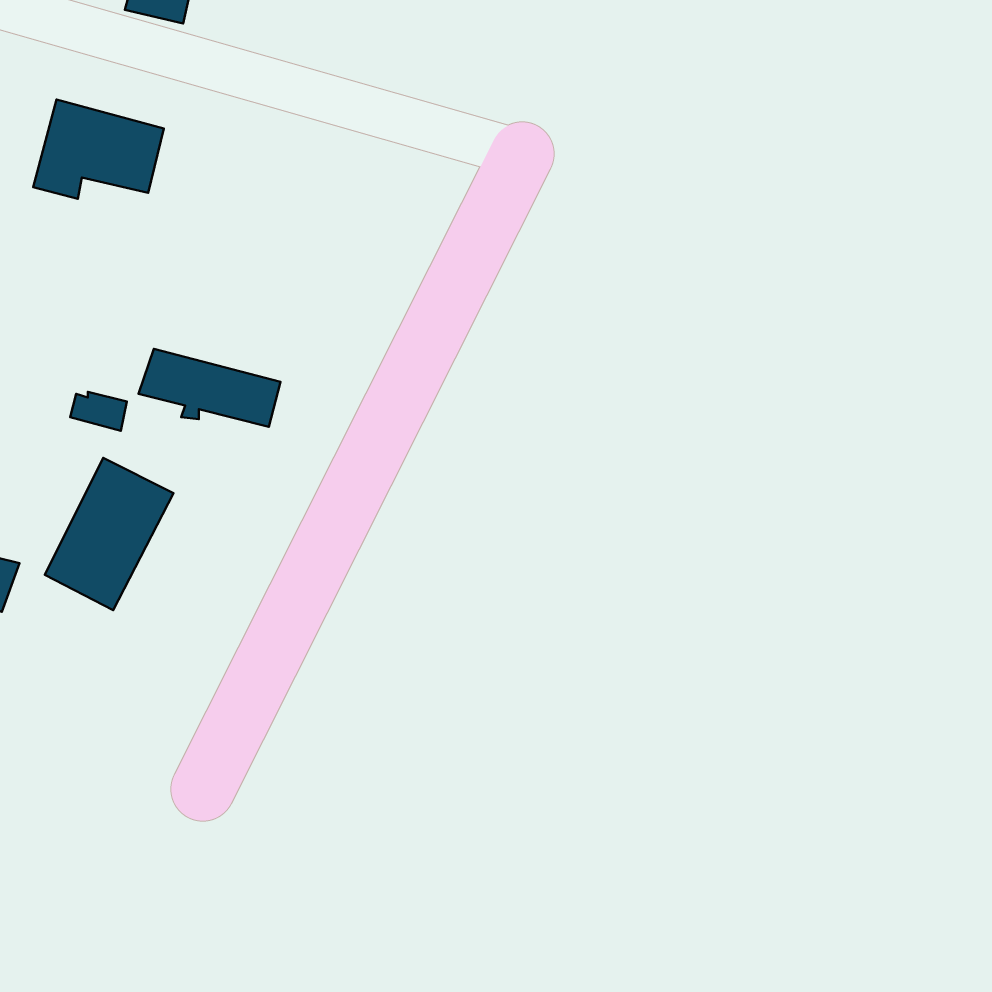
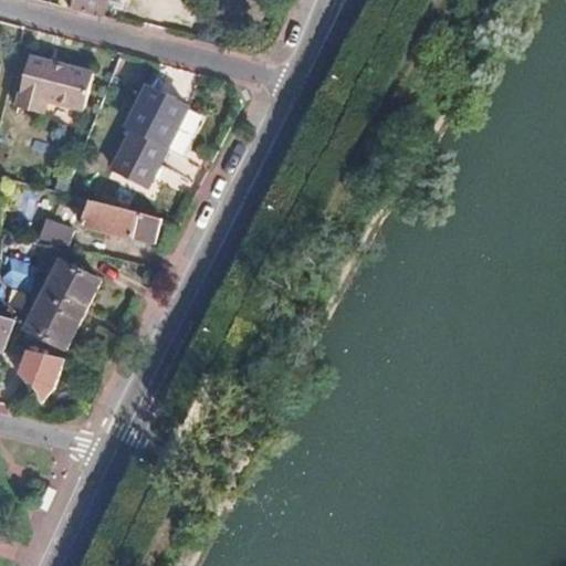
building: none -> [109,85,186,185]
building: none -> [18,349,63,401]

